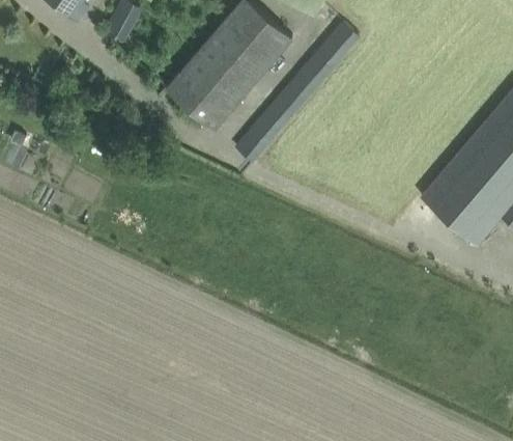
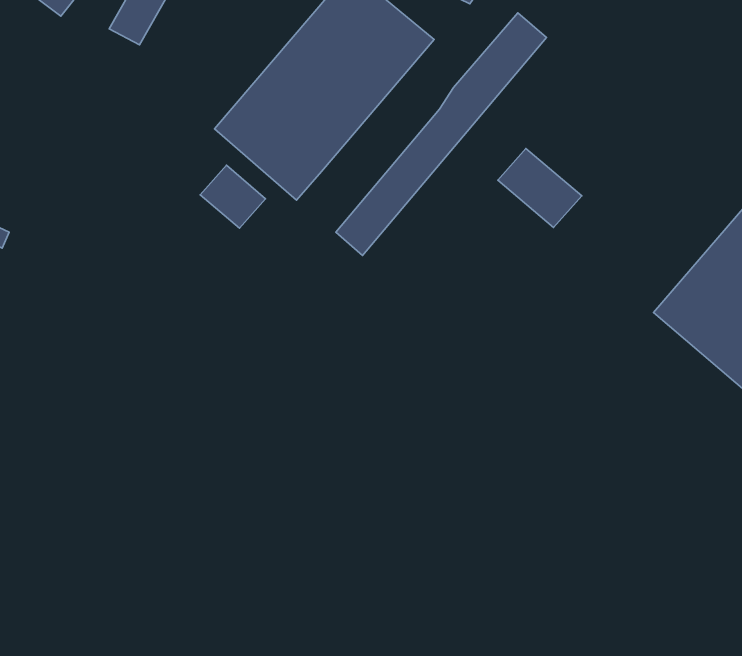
building: none -> [498,149,582,227]
building: none -> [200,165,266,228]

